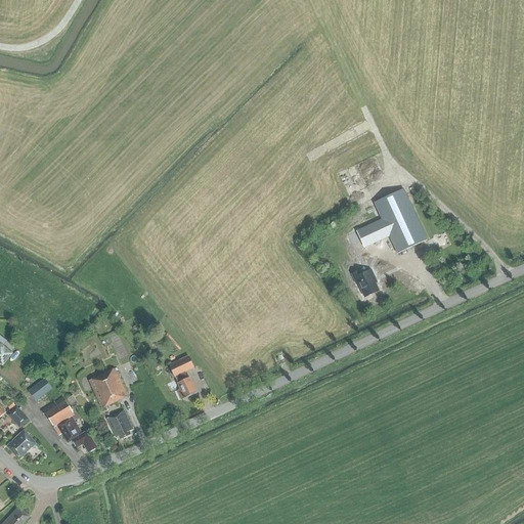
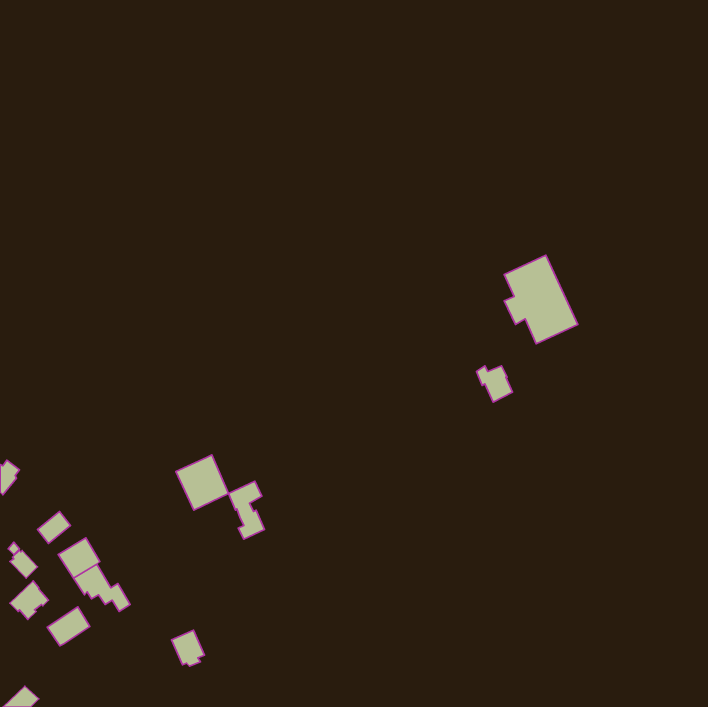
building: [355,222,381,248] -> none
building: [88,367,127,408] -> [176,455,229,510]
building: [107,410,132,437] -> [171,630,205,666]
building: none -> [47,607,90,646]

